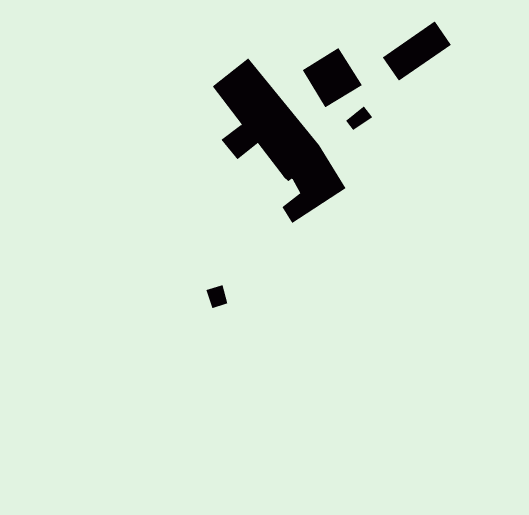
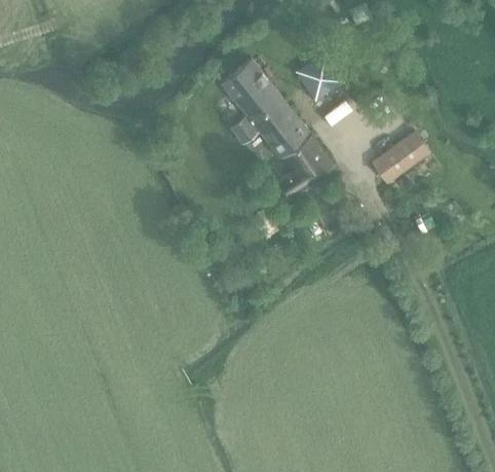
building: [382,21,452,82] -> [373,132,429,181]

